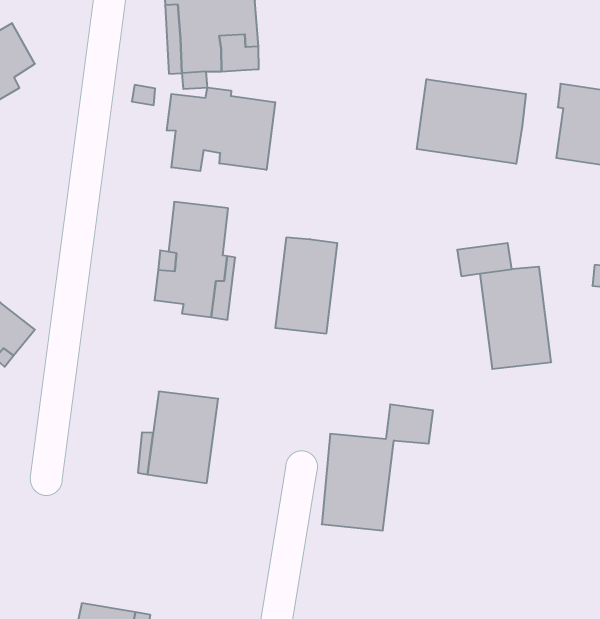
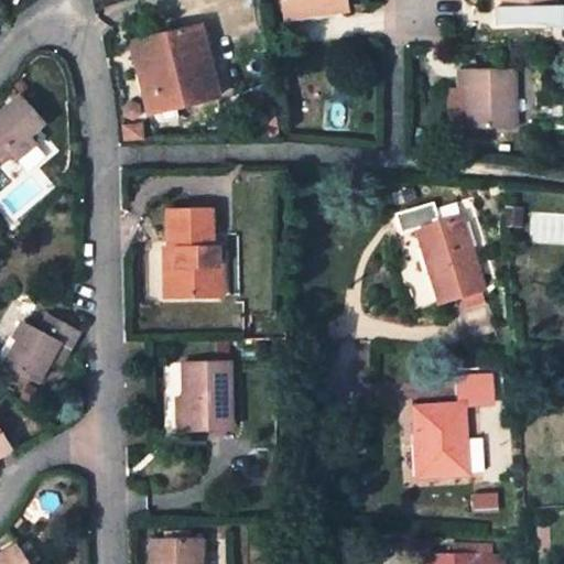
building: [417,79,526,164] -> none
building: [167,87,275,171] -> none
building: [275,237,337,334] -> none
building: [322,404,433,530] -> [414,375,492,478]

